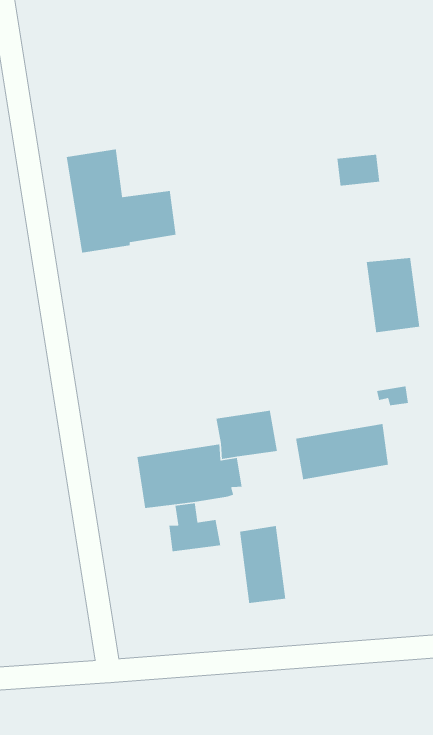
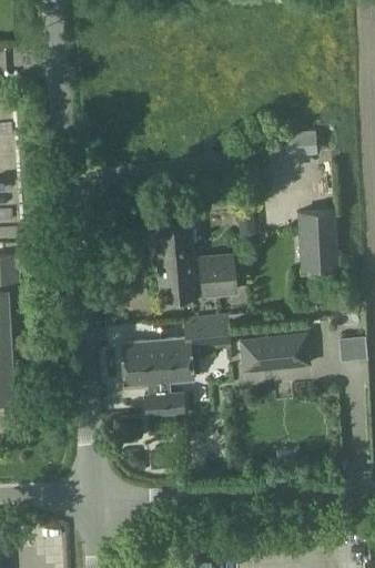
building: [66,149,177,254] -> [153,226,231,302]
building: [239,525,286,604] -> none

